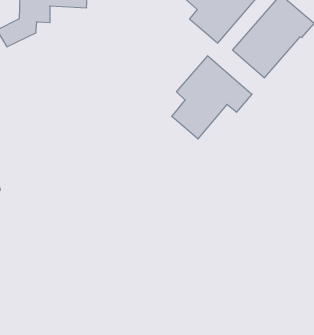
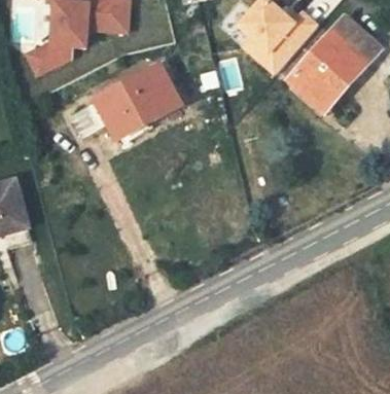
building: none -> [90,64,184,134]
building: [172,56,252,139] -> none

